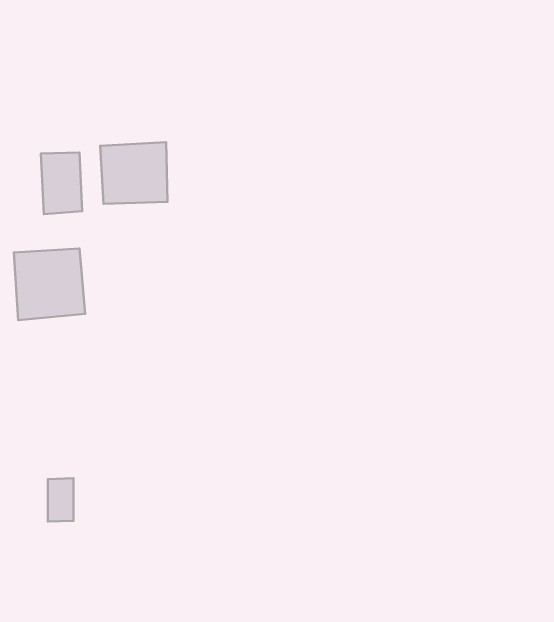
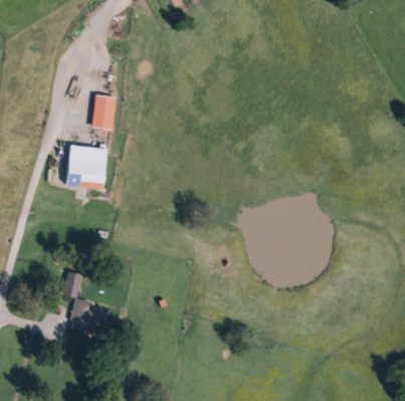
building: [100,142,168,204] -> none
building: none -> [70,302,109,334]

